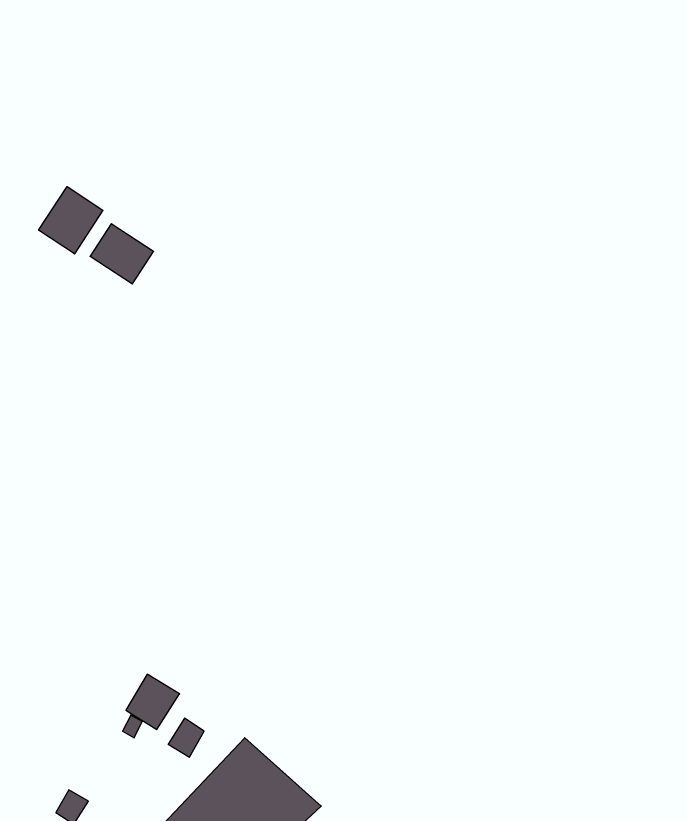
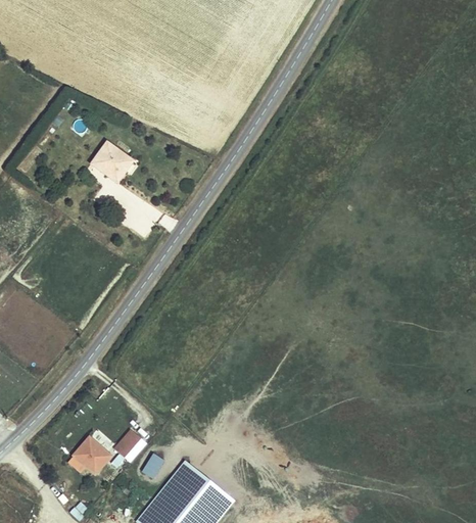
building: [39,187,103,254] -> none
building: none -> [74,436,109,471]

